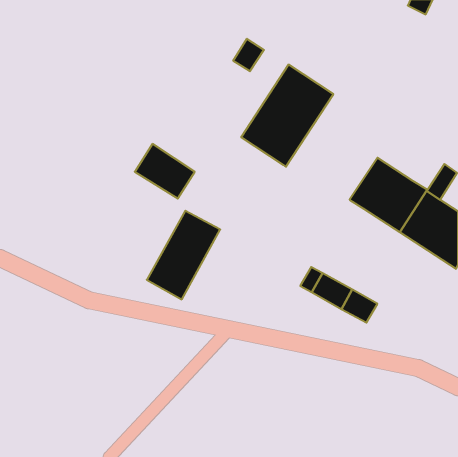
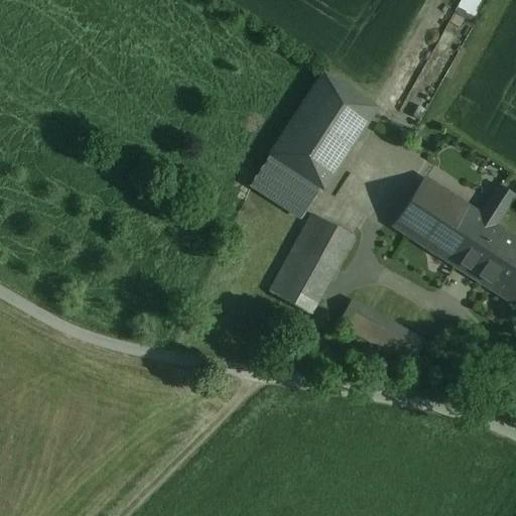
building: [233,39,264,71] -> none
building: [135,144,195,199] -> [251,154,318,216]
building: [147,211,220,299] -> [270,214,353,313]

